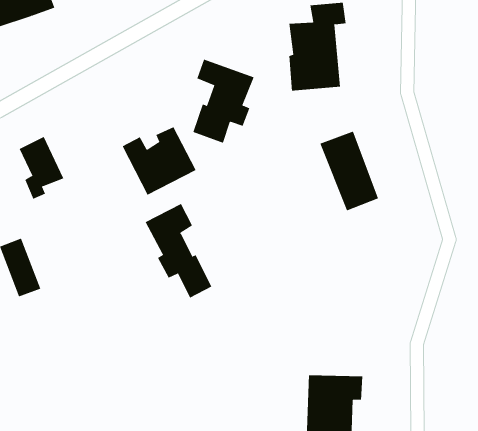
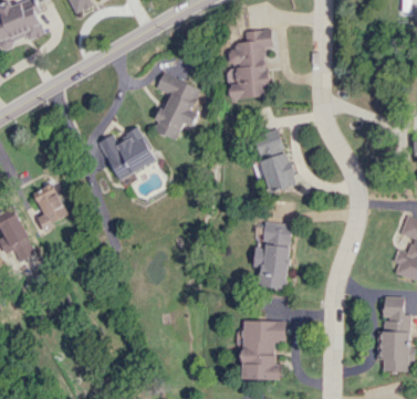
building: [19,136,64,200] -> [32,183,67,233]
building: [145,203,212,298] -> none
building: none -> [260,223,290,288]

